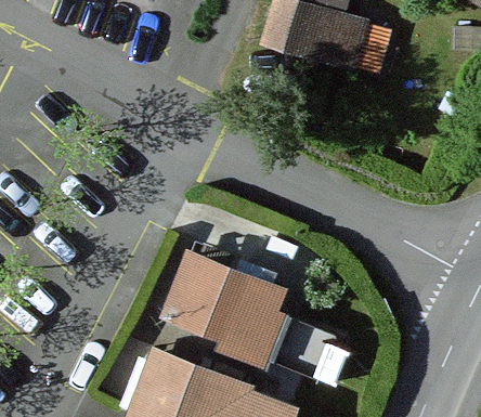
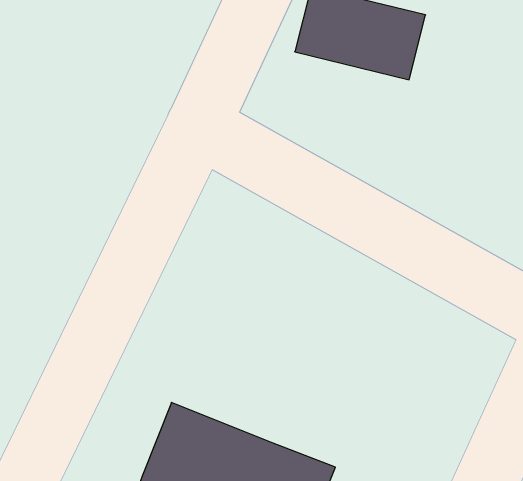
building: [166,252,289,353] -> none

